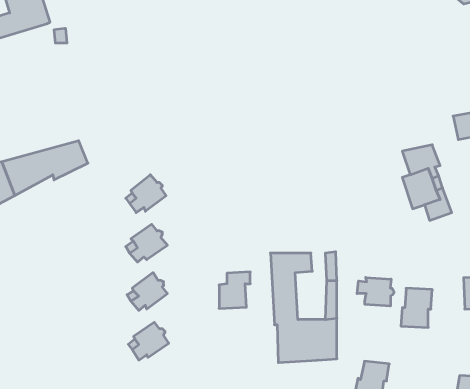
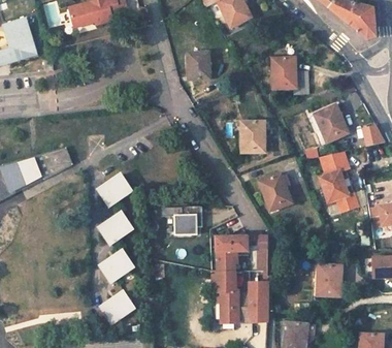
building: none -> [189,53,209,80]
building: none -> [273,57,308,94]
building: none -> [318,105,347,143]
building: none -> [241,122,265,152]
building: none -> [263,175,290,212]
building: [219,272,250,308] -> [175,205,200,234]
building: [357,277,394,306] -> none

